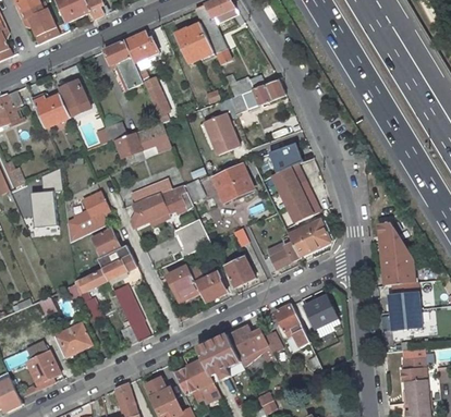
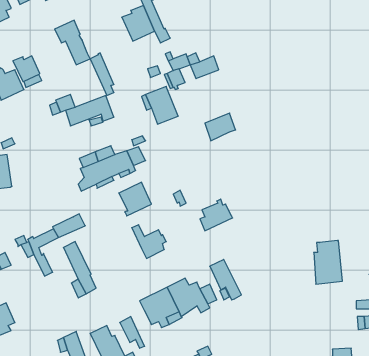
building: [125,32,158,62] -> none
building: [272,163,319,223] -> none
building: [214,164,252,201] -> none
building: [66,191,110,242] -> none
building: [289,220,330,256] -> none
building: [378,223,415,286] -> none
building: [92,229,124,268] -> none
building: [224,257,254,287] -> none
building: [168,266,199,302] -> none
building: [301,294,341,334] -> none
building: [53,322,92,358] -> none
building: [401,358,430,404] -> none
building: [187,360,220,403] -> none

